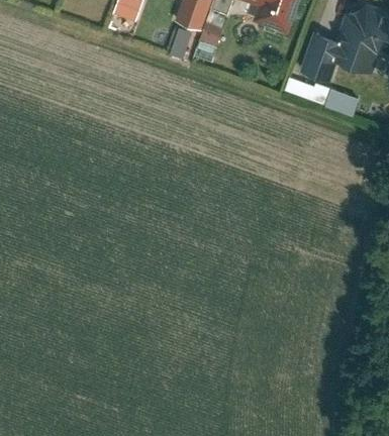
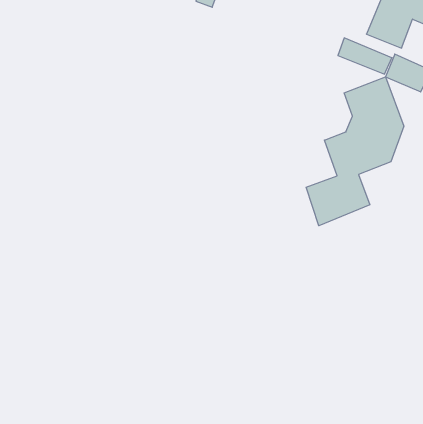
building: none -> [306,77,404,226]

